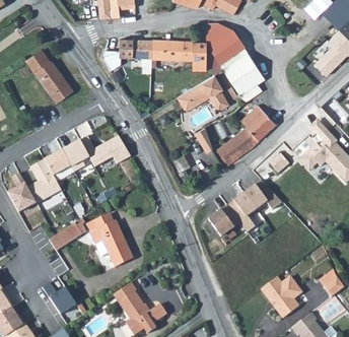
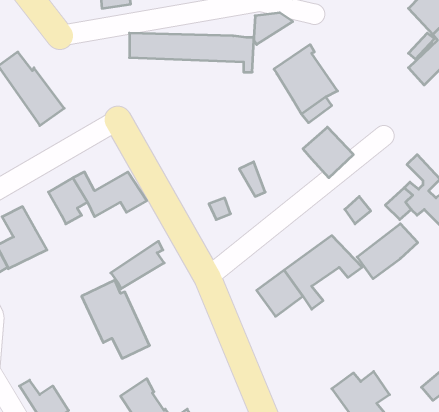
building: [208,30,246,64] -> none
building: [180,76,231,113] -> none
building: [216,127,259,165] -> [357,224,418,279]
building: [44,150,71,177] -> none
building: [48,216,85,250] -> [111,241,164,289]

